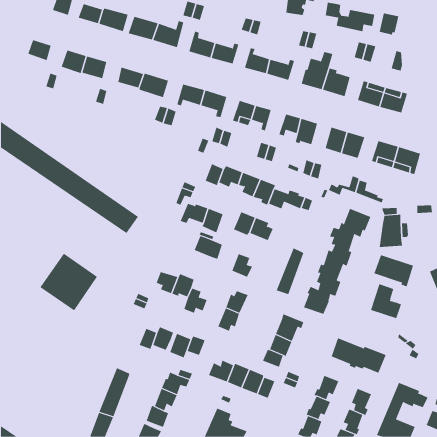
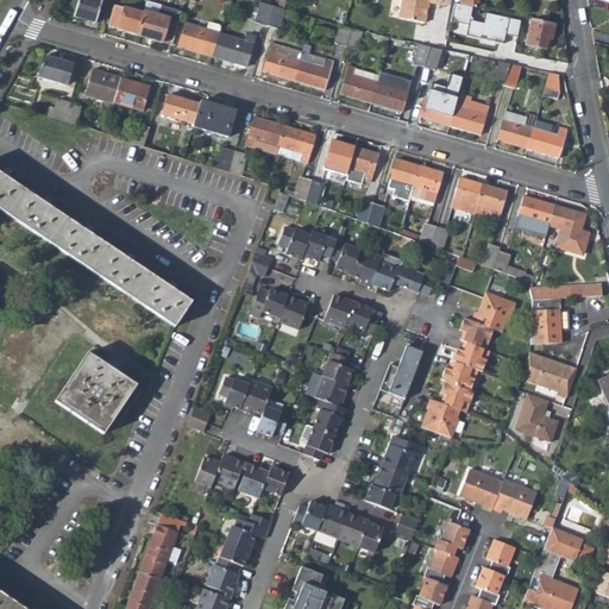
building: [194,236,223,260] -> [306,373,346,407]

